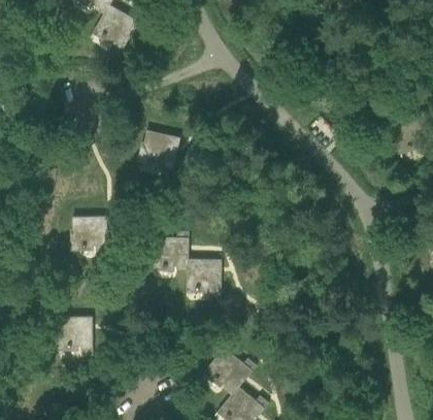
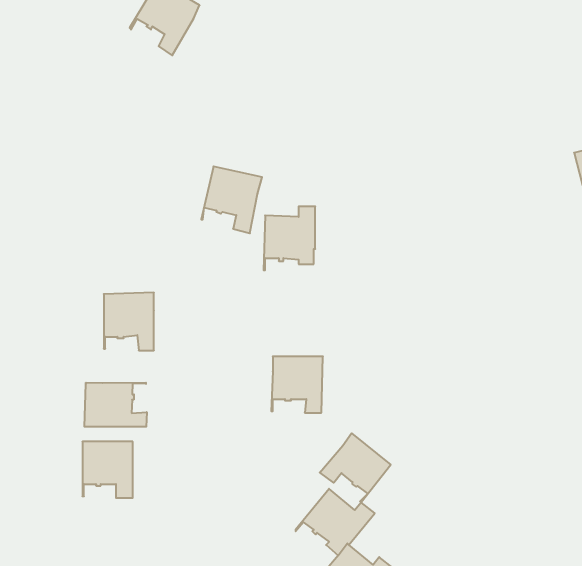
building: [154,231,189,274] -> [264,206,315,270]
building: none -> [84,383,147,427]
building: none -> [320,433,391,502]

